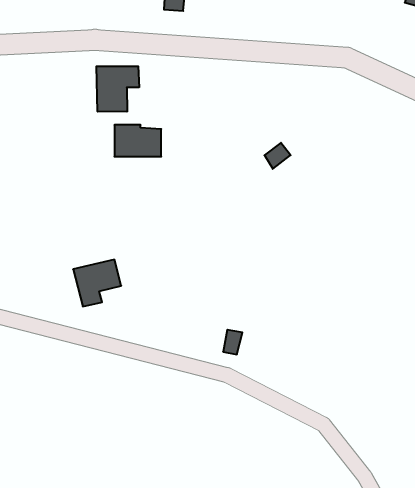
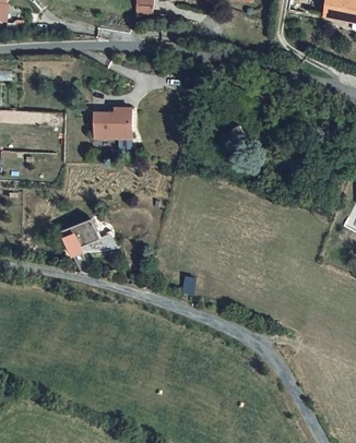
building: [96,66,139,112] -> none

